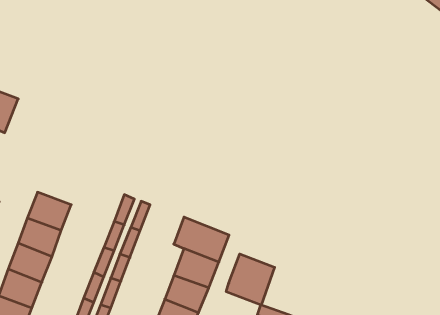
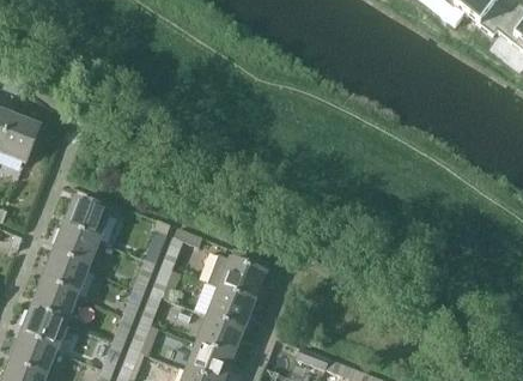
building: none -> [63,196,111,238]
building: [226,254,275,305] -> none

